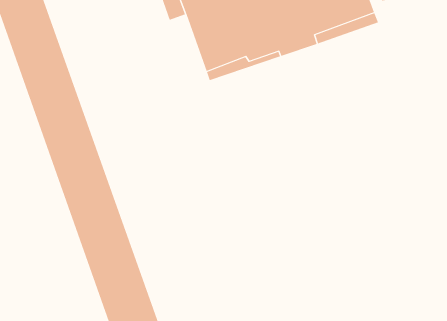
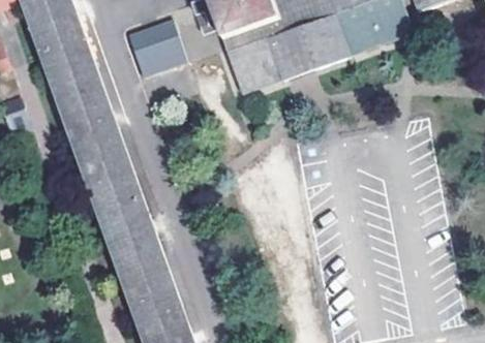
building: none -> [129,20,187,77]

